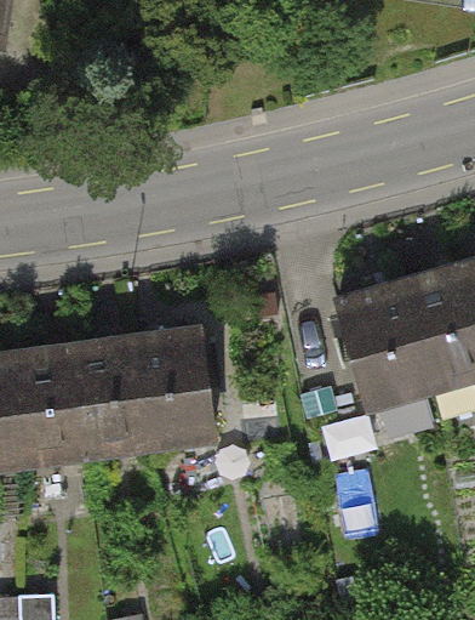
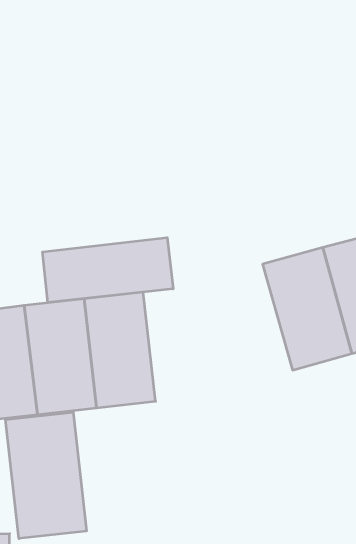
building: none -> [43,238,173,302]
building: none -> [5,412,86,539]

